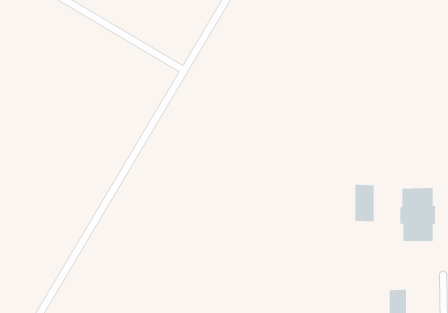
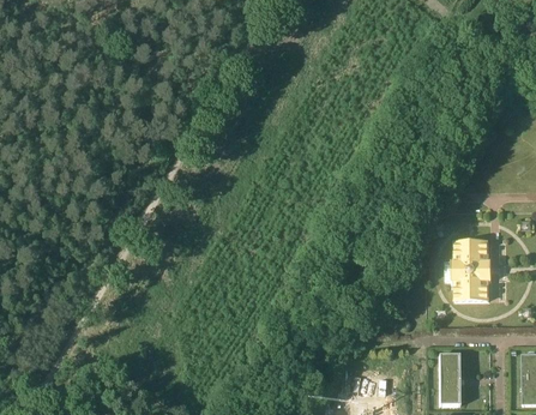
building: [354,184,374,222] -> none

